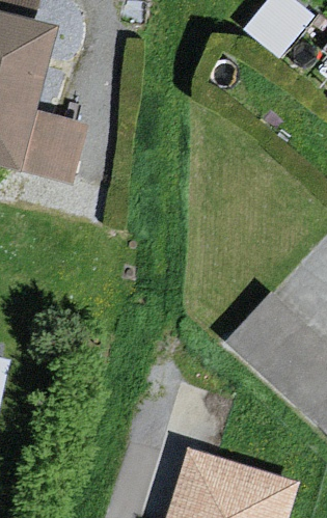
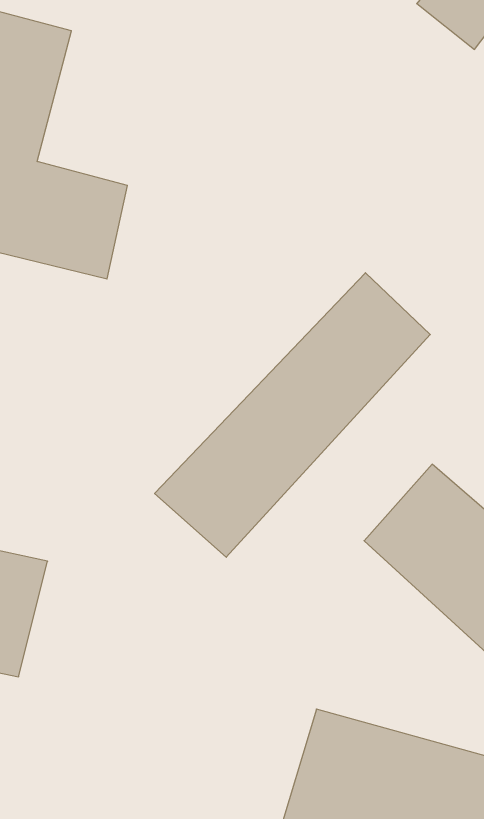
building: none -> [155,273,430,557]

